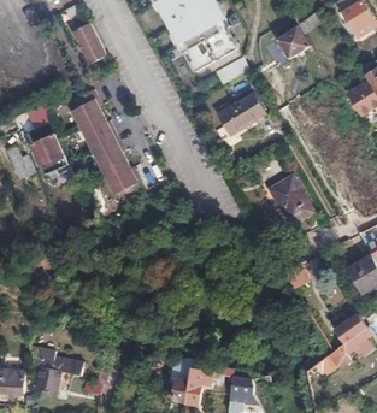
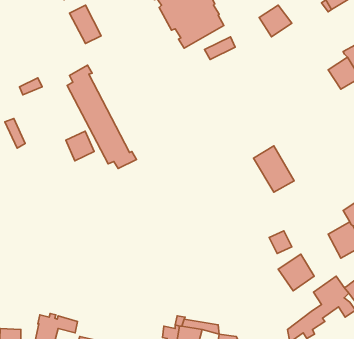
building: [217,92,263,131] -> none
building: [31,134,61,165] -> [66,131,94,161]
building: none -> [278,254,314,291]

